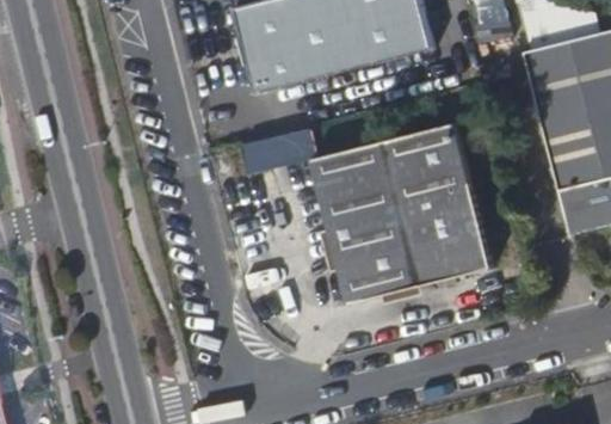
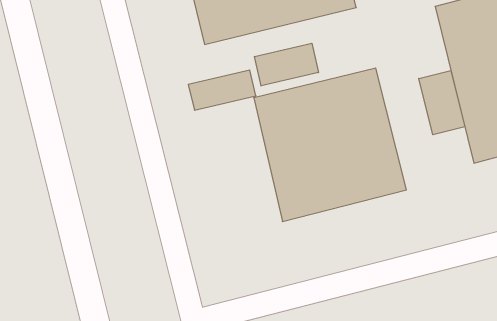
building: none -> [254,43,318,86]
building: none -> [419,71,465,135]

